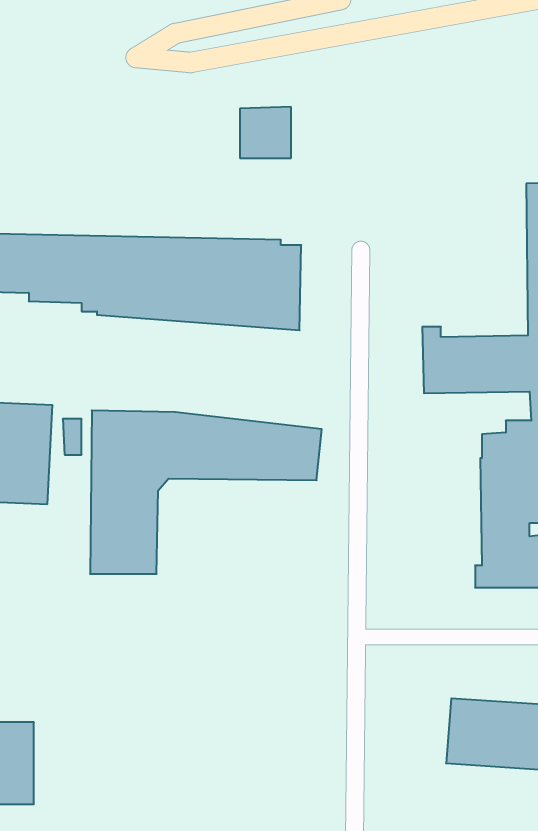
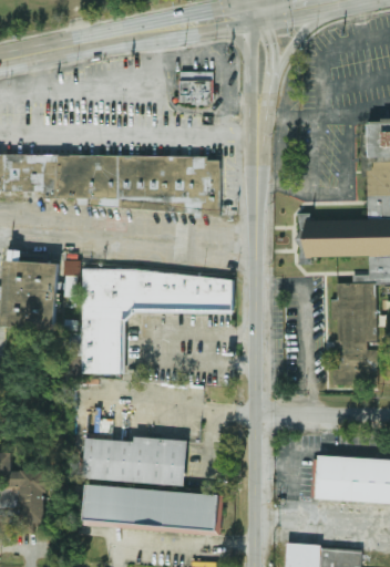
building: none -> [82,436,187,485]
building: none -> [83,484,222,533]

